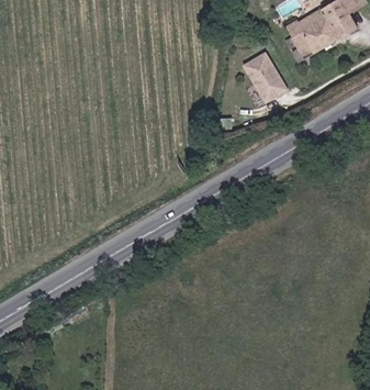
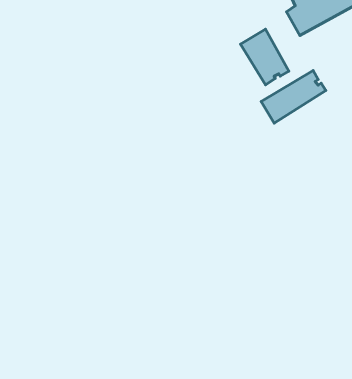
building: none -> [261,71,326,123]

